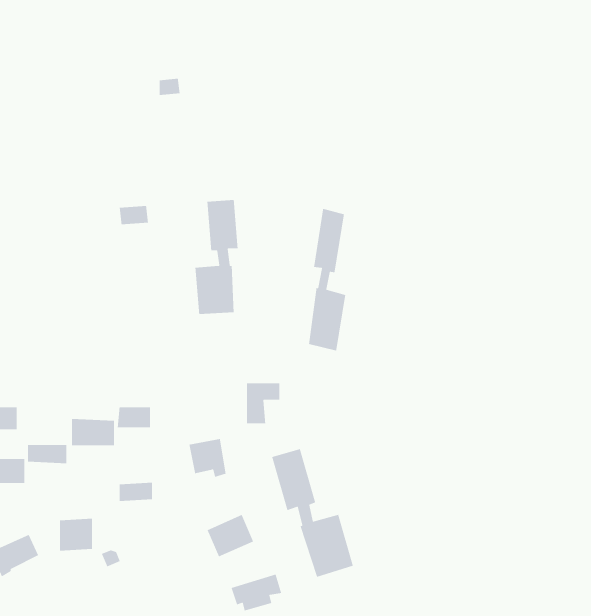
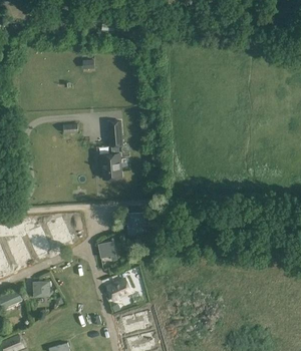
building: [308,208,346,352] -> none
building: [271,448,354,578] -> none

